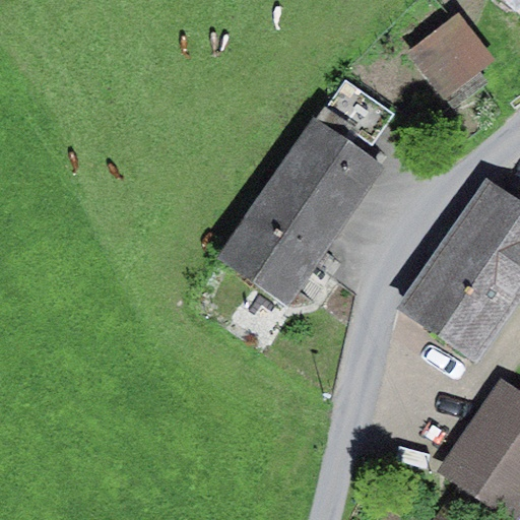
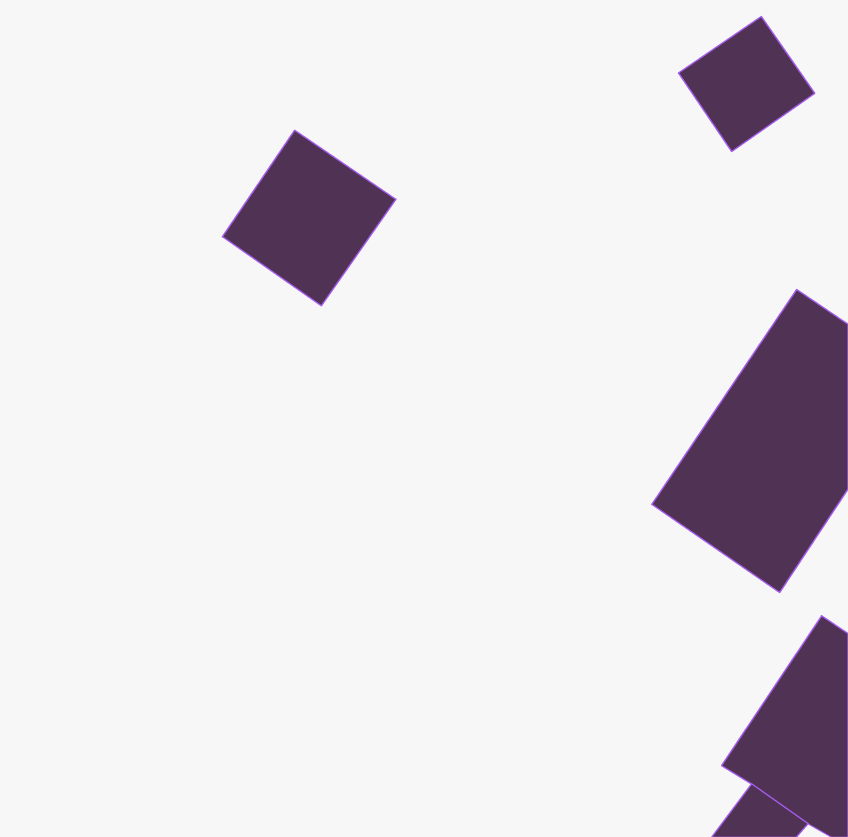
building: none -> [222,130,396,306]
building: [219,118,383,303] -> none

